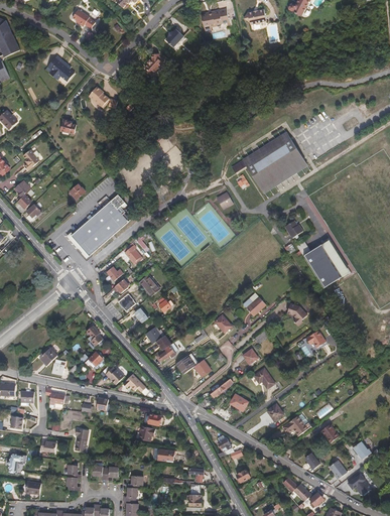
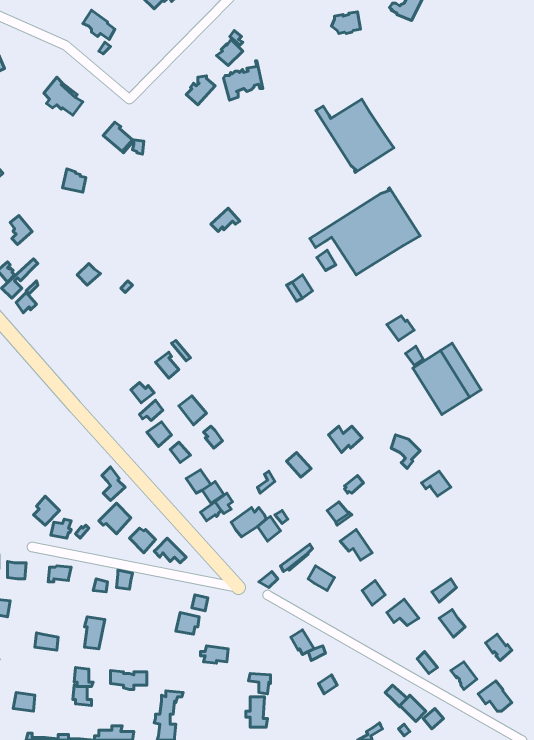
building: [202,7,229,34] -> [224,61,263,100]
building: none -> [316,99,394,172]
building: [69,196,130,256] -> none

